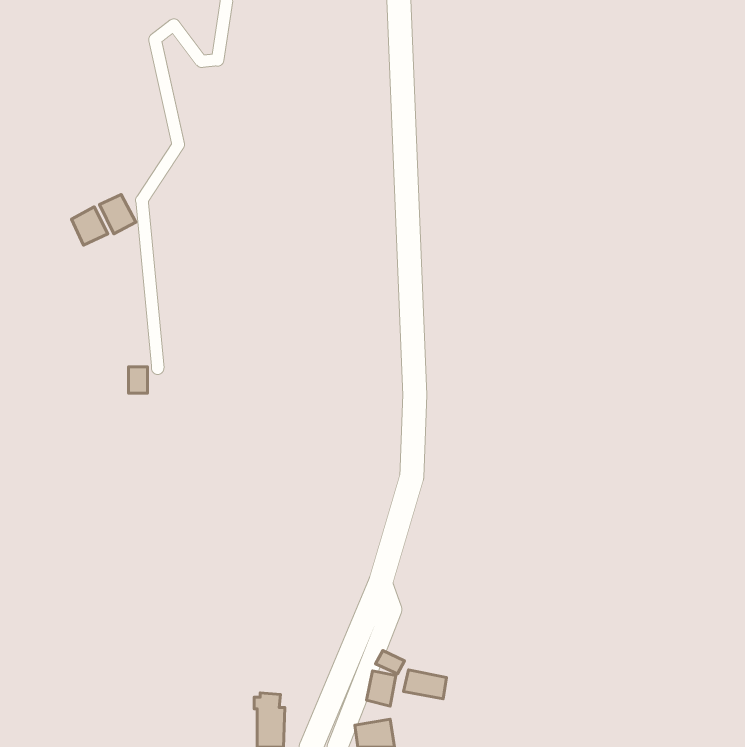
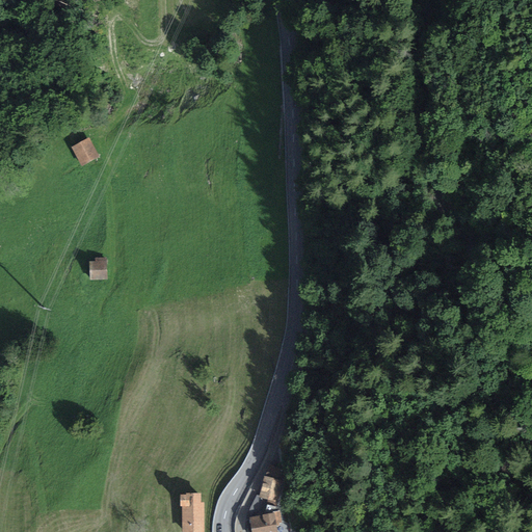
building: [71,207,108,245] -> none
building: [404,670,447,699] -> none

